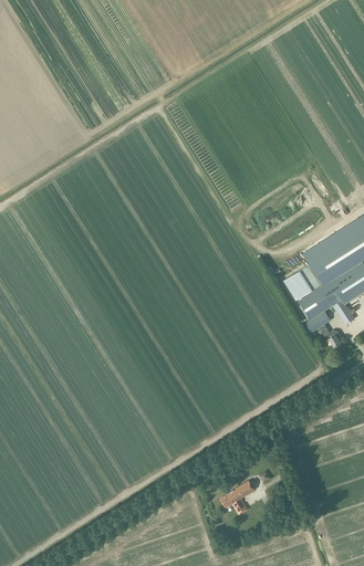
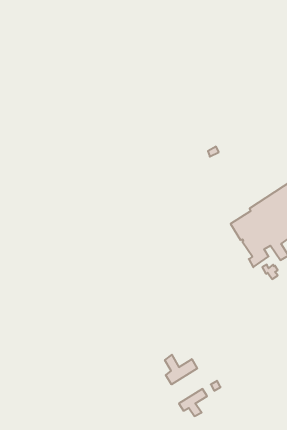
building: none -> [165,355,197,384]

